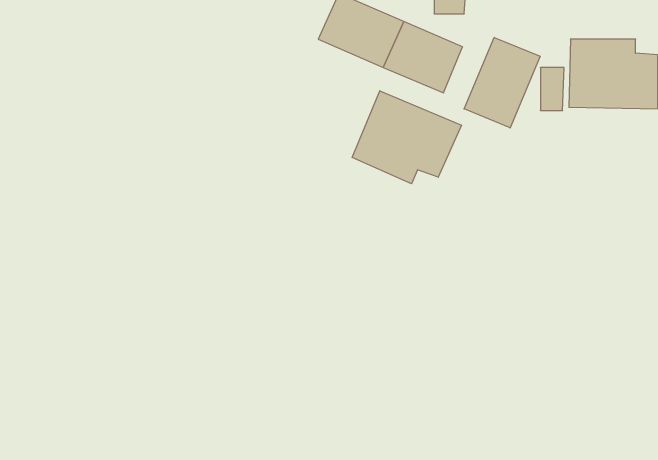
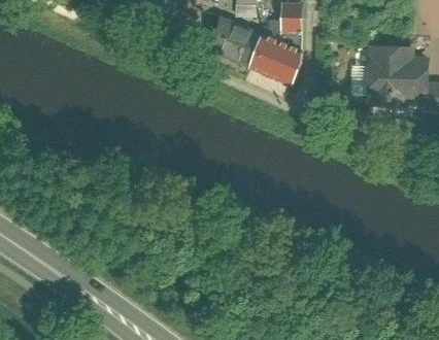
building: [464,37,540,128] -> none
building: [352,91,461,184] -> none

